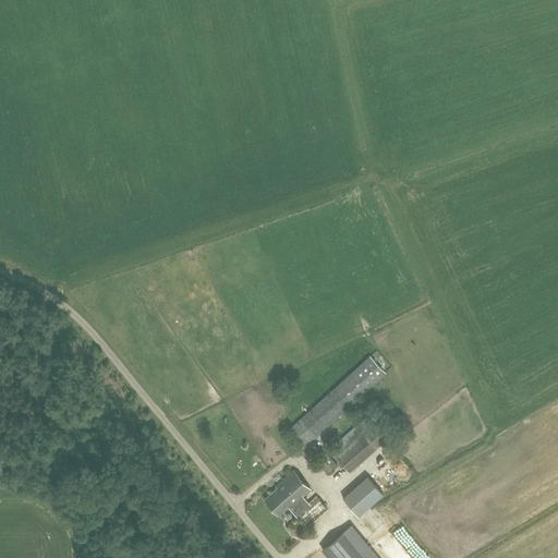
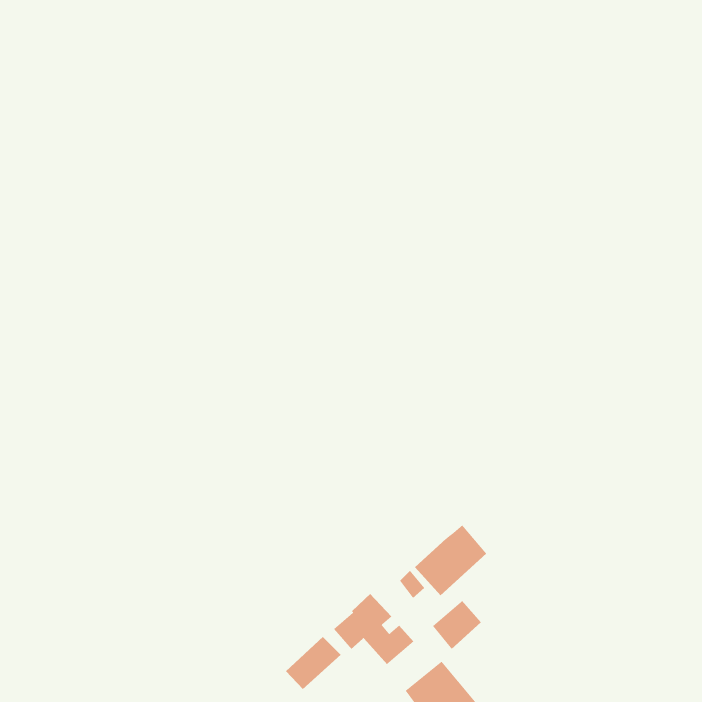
building: [288,357,385,448] -> none
building: none -> [285,636,342,690]

